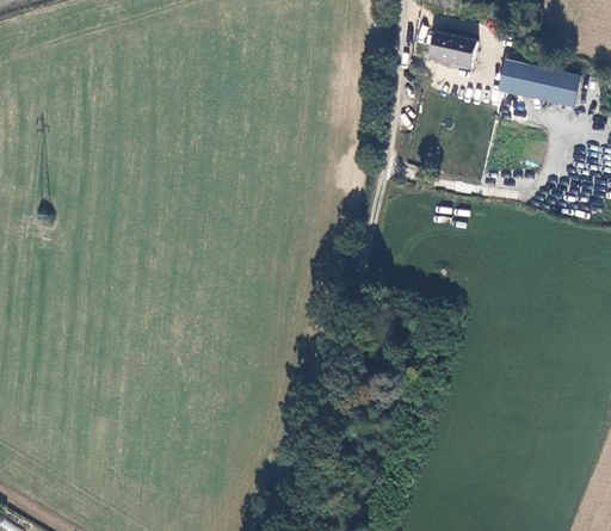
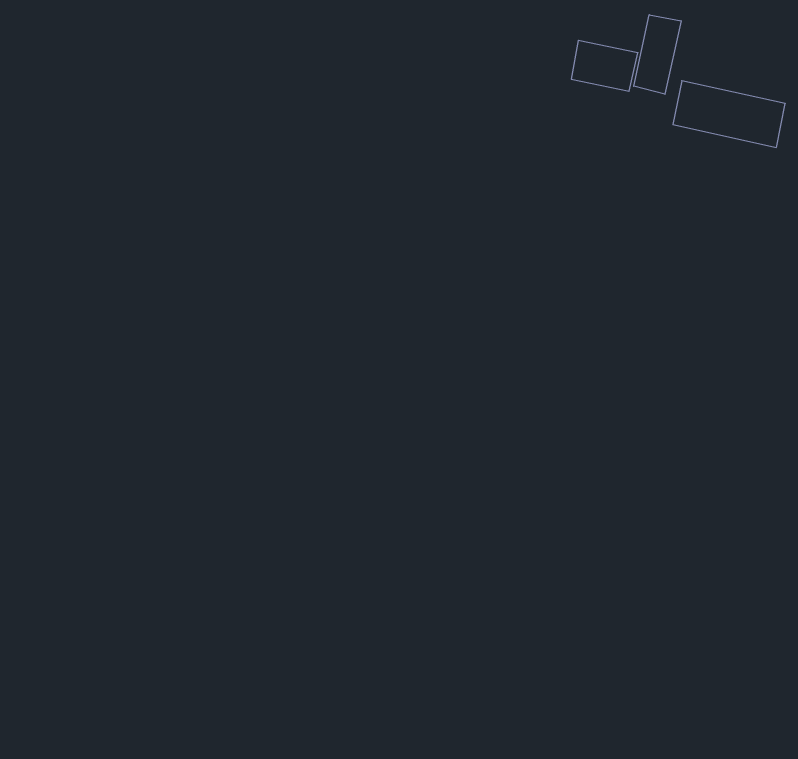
building: none -> [634,15,681,94]

